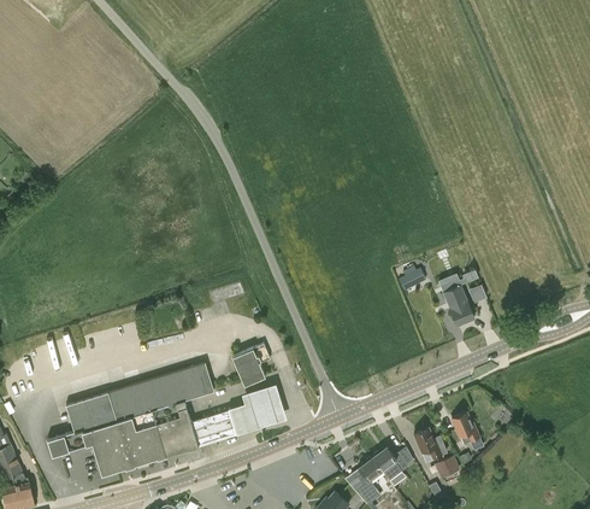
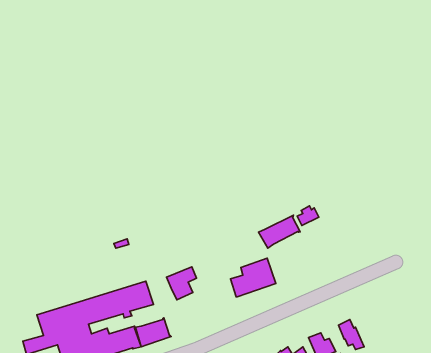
building: none -> [259,215,300,248]
building: [442,286,474,327] -> none
building: [228,384,285,433] -> [231,258,276,297]

